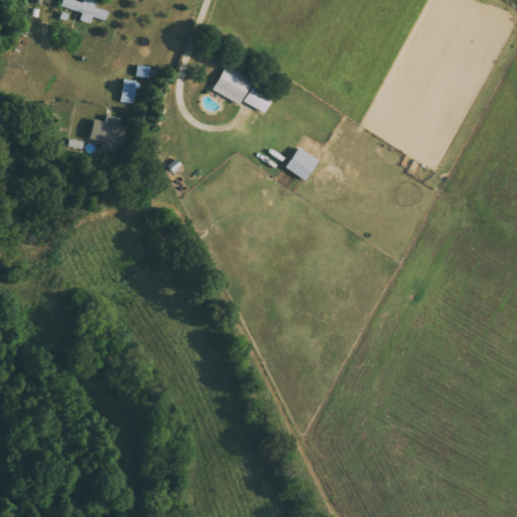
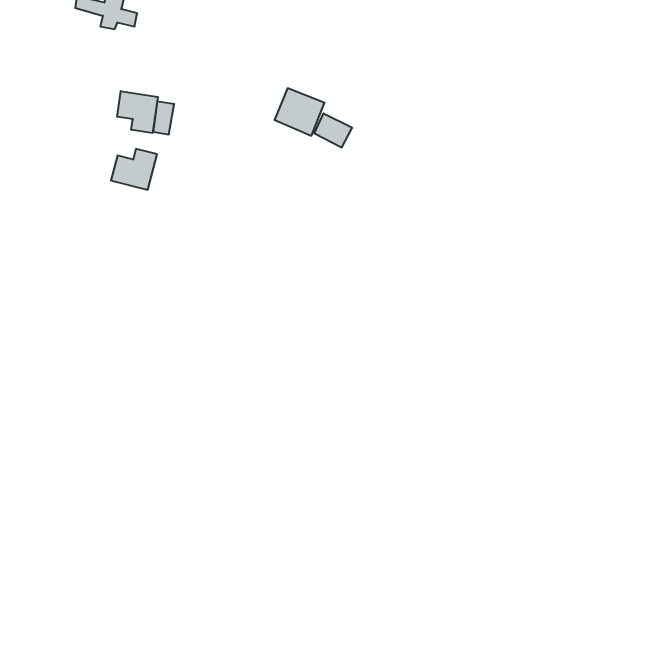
building: none -> [117,91,158,133]
building: [285,145,319,180] -> none

